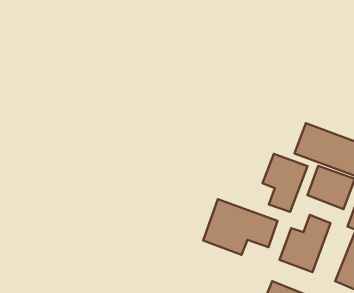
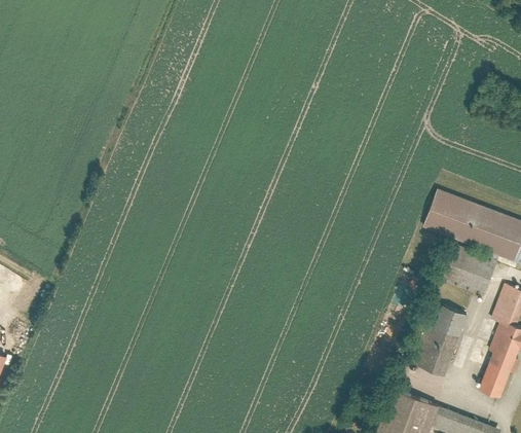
building: [262,154,307,212] -> none
building: [203,199,277,255] -> none

